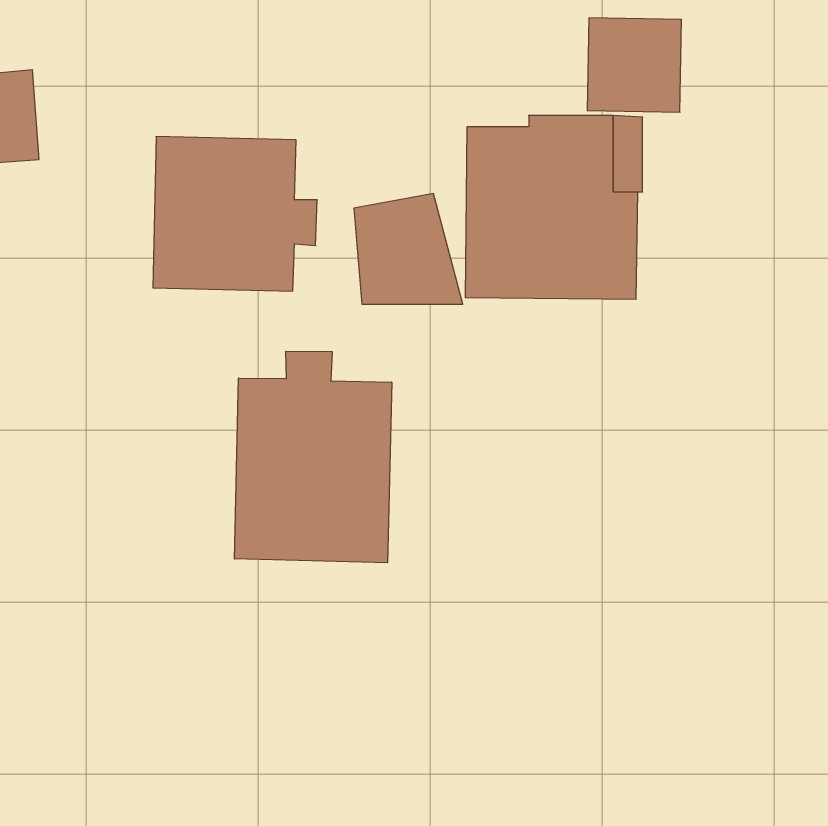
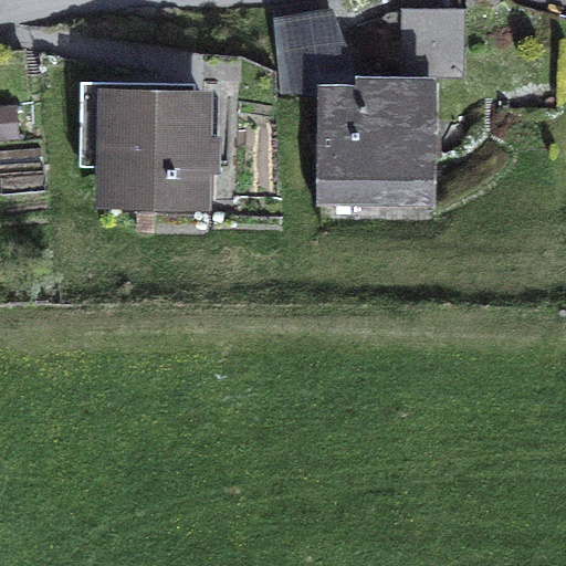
building: [354,194,463,304] -> [274,11,348,86]
building: [234,351,392,563] -> none

